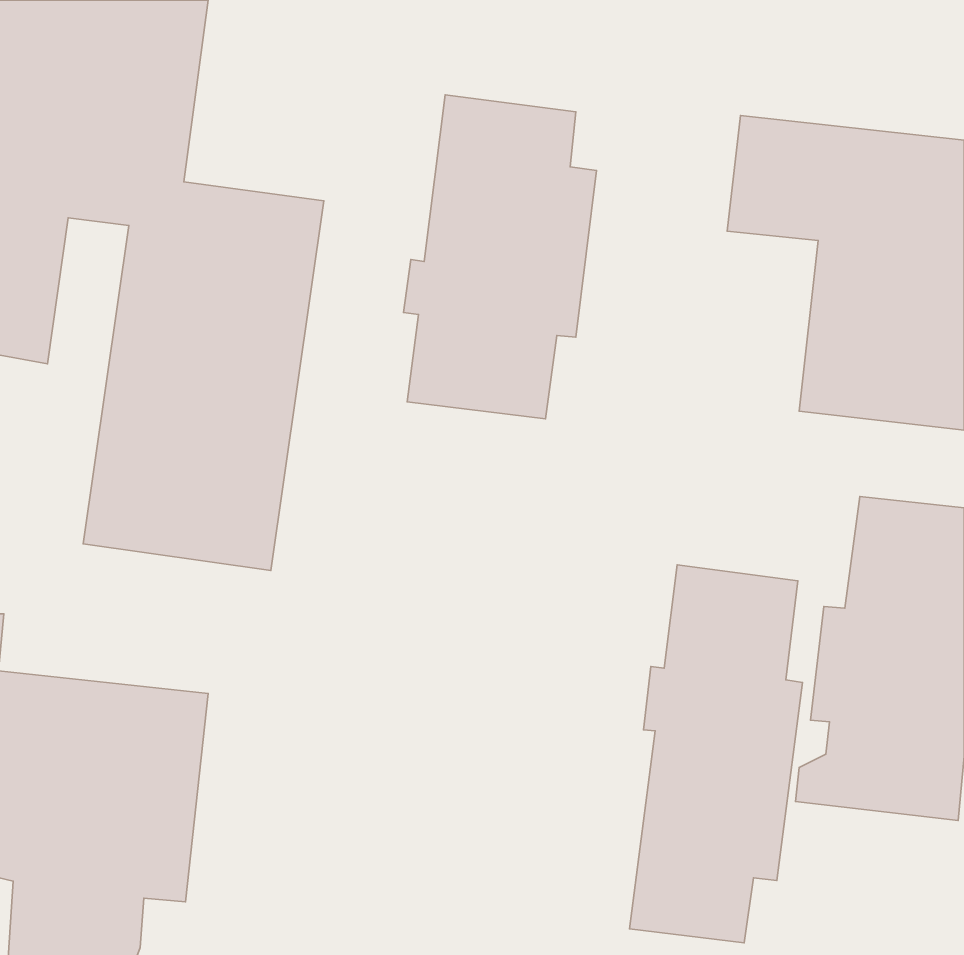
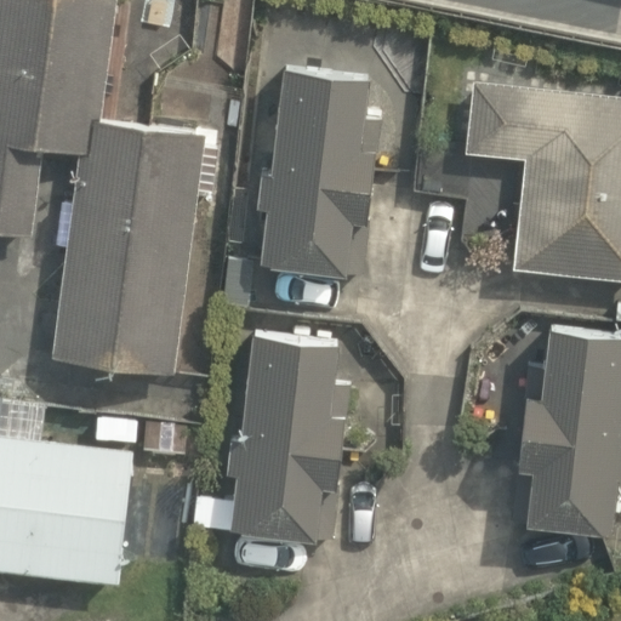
building: none -> [228,331,351,541]
building: [630,565,802,943] -> none

